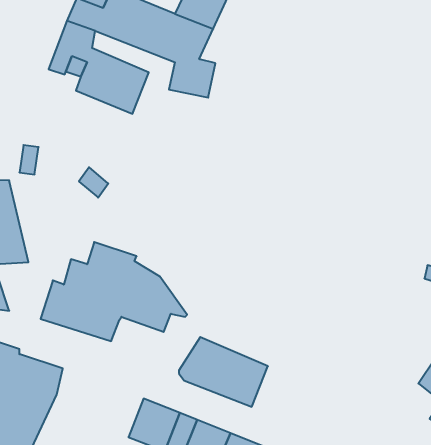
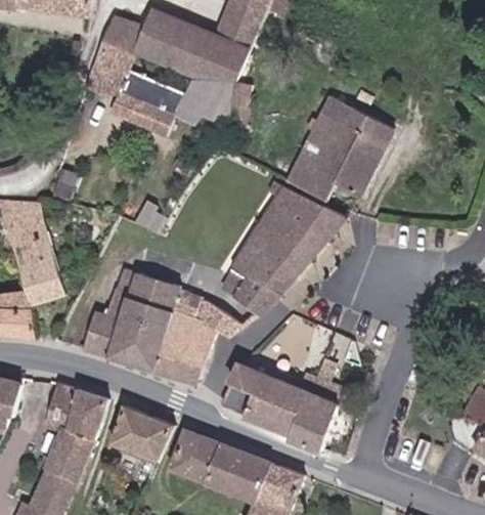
building: none -> [281,96,387,201]
building: none -> [210,178,340,334]
building: none -> [153,346,207,384]
building: none -> [294,386,344,455]
building: none -> [105,405,175,465]

